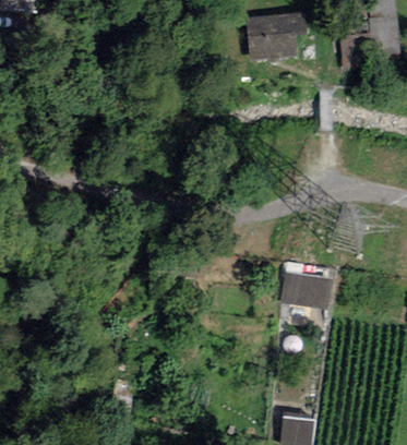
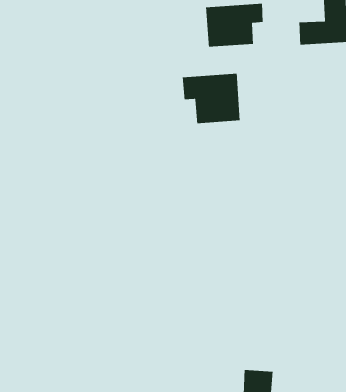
building: none -> [182,73,240,124]
building: [279,272,330,310] -> none

